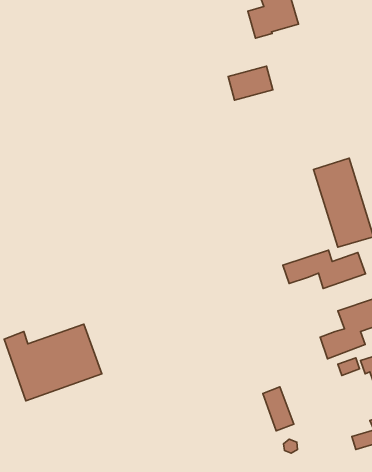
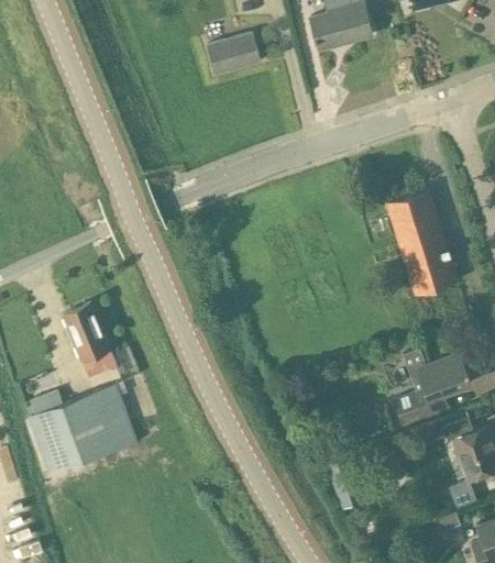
building: [228,66,273,100] -> [206,33,258,73]
building: [283,250,366,289] -> none
building: none -> [64,305,117,378]

